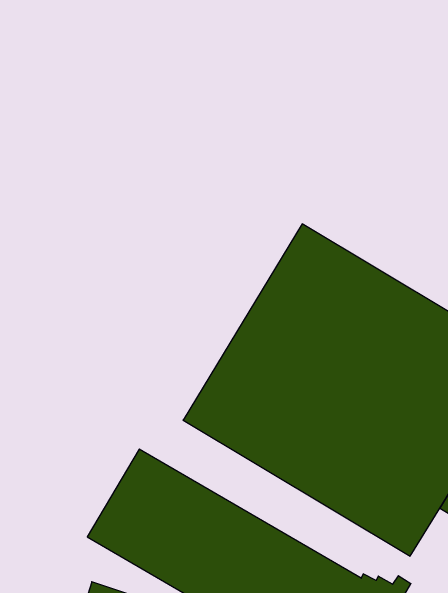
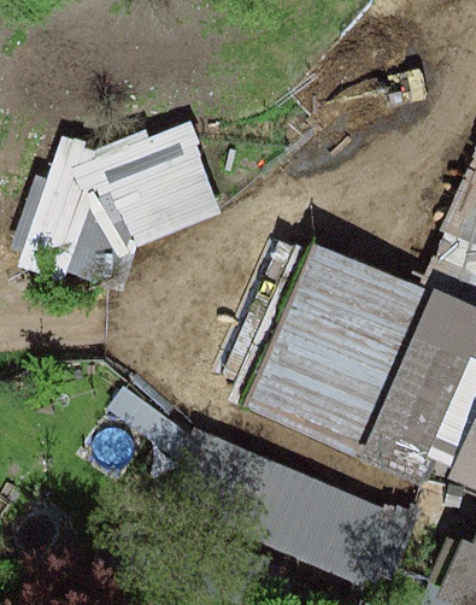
building: none -> [60,135,227,241]

